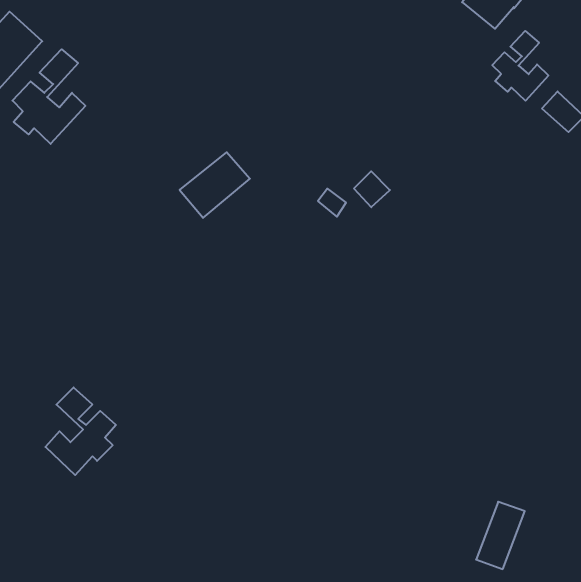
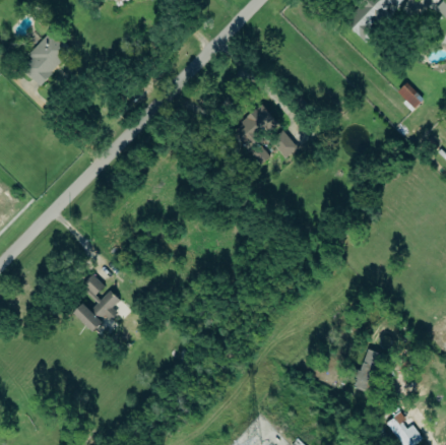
building: [492,31,548,101] -> none
building: [12,49,85,144] -> none
building: [180,152,250,218] -> [233,106,278,148]

